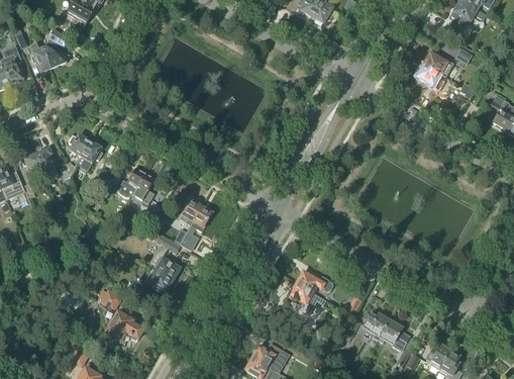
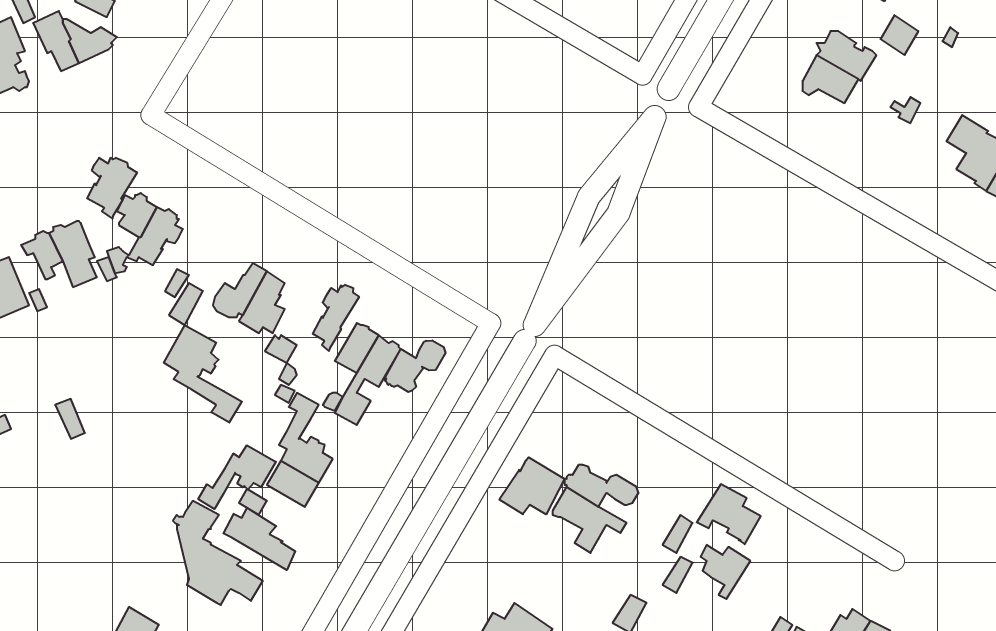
building: none -> [87,158,137,219]
building: none -> [313,285,359,351]
building: none -> [164,325,242,423]
building: none -> [385,340,445,392]
building: none -> [198,445,276,509]
building: none -> [499,457,565,514]
building: none -> [223,508,295,570]
building: [378,319,410,350] -> [697,484,761,544]

